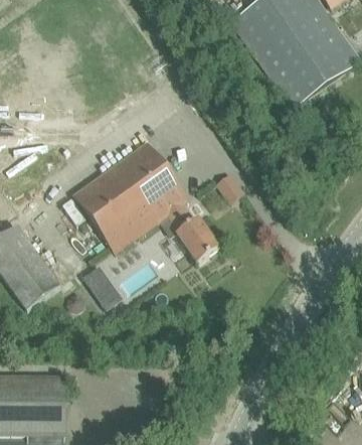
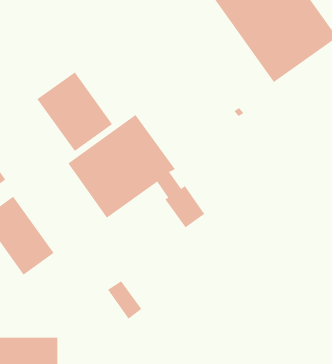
building: none -> [37,71,113,152]
building: [82,267,120,308] -> [107,280,142,319]

